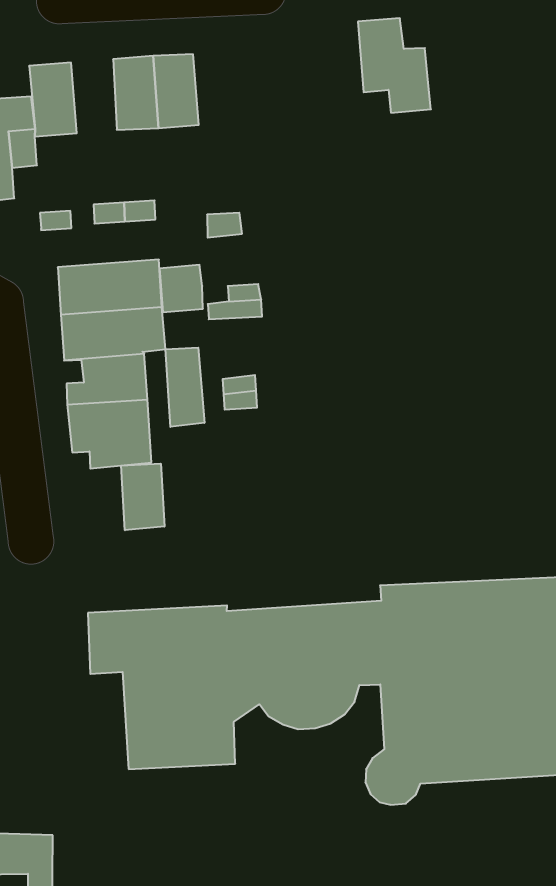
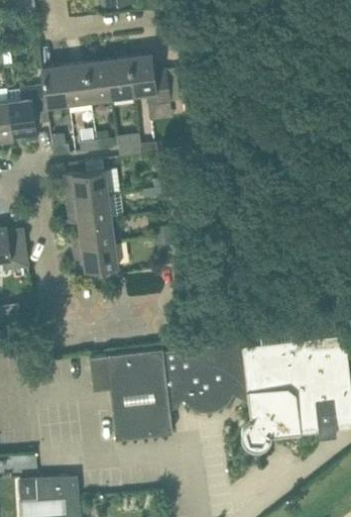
building: [358,18,431,113] -> [128,55,169,105]
building: none -> [64,63,92,114]
building: [160,265,203,312] -> [117,131,141,158]
building: [165,348,204,427] -> none
building: [121,464,164,530] -> none

